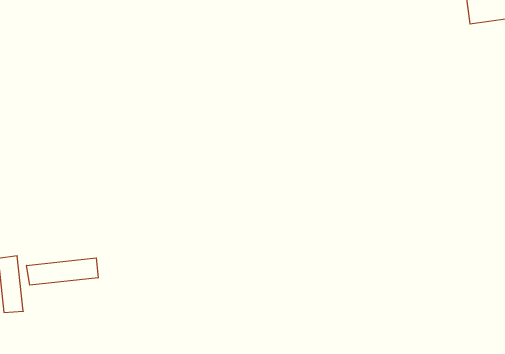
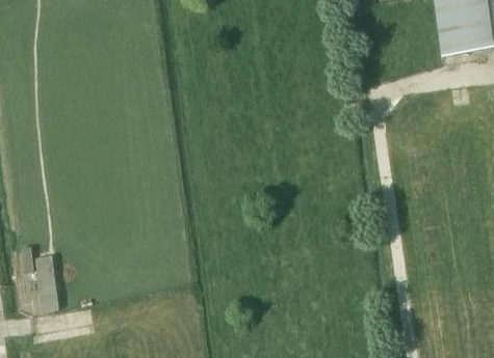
building: [27,258,98,285] -> none

